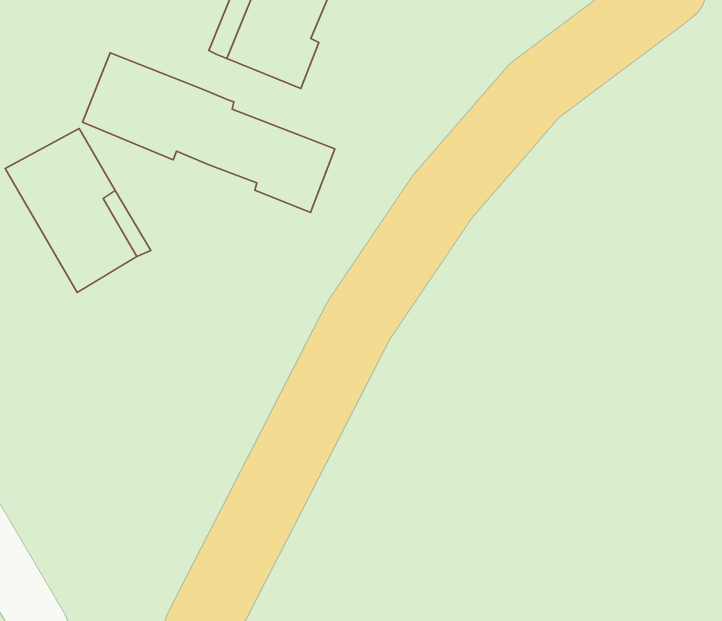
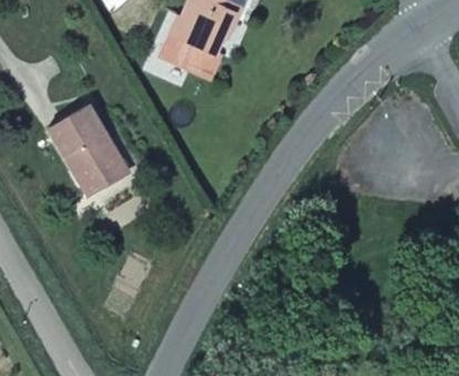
building: [82,53,335,212] -> none

